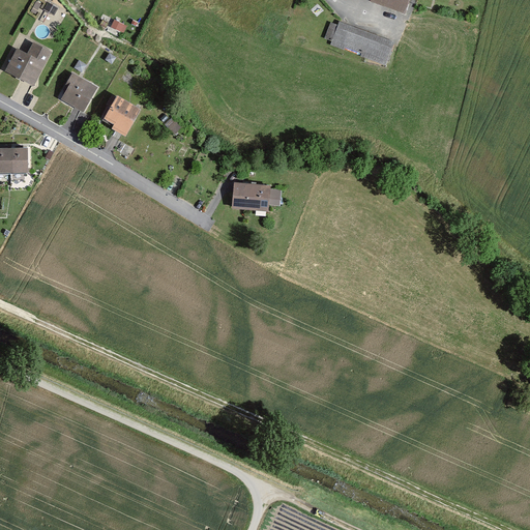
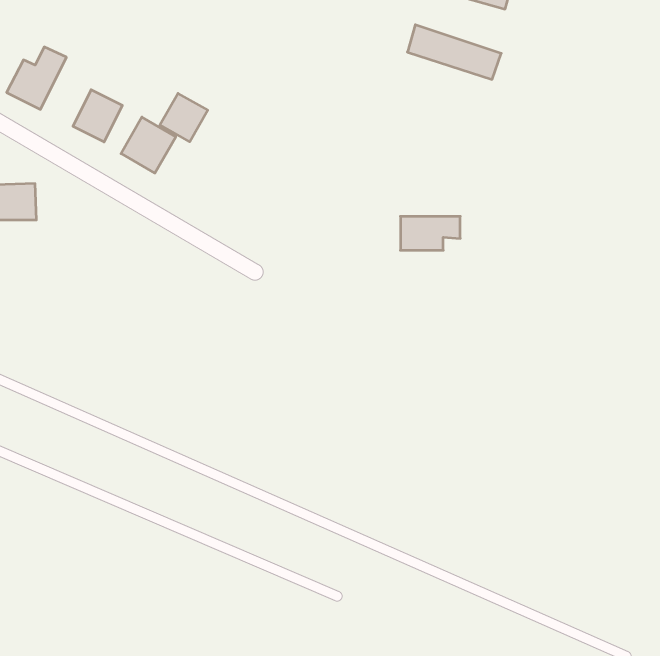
building: none -> [160,93,208,142]
building: [232,184,279,211] -> [400,216,460,250]

